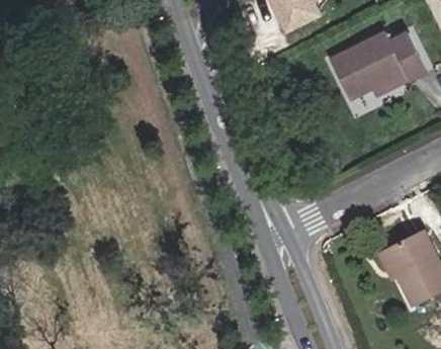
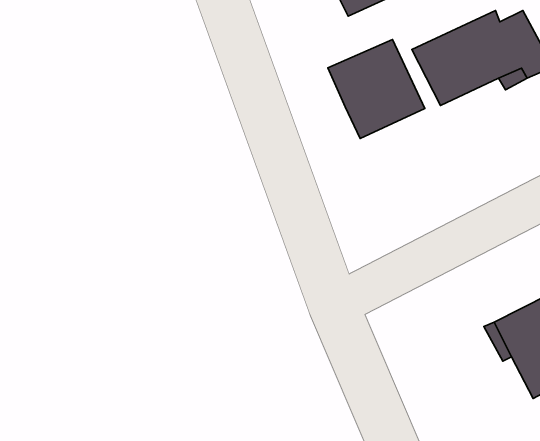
building: none -> [328,39,425,139]

